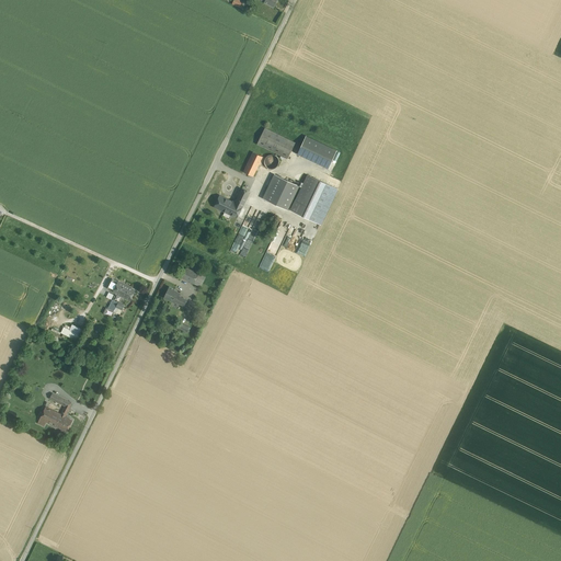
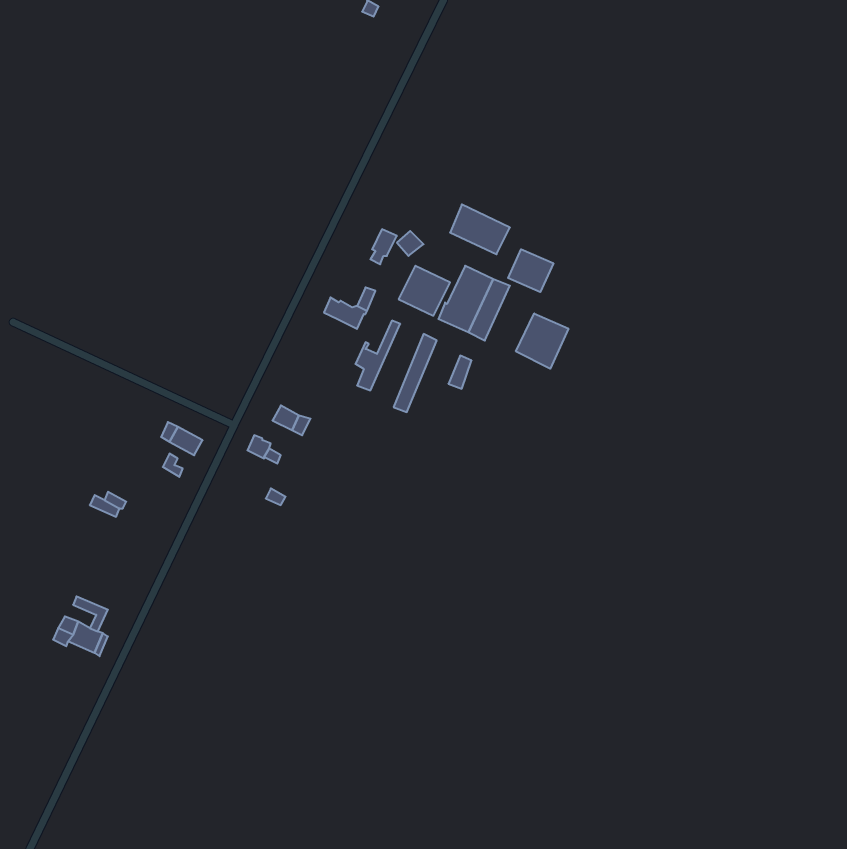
building: [256,128,294,158] -> none
building: none -> [508,249,553,292]
building: none -> [516,313,568,369]

